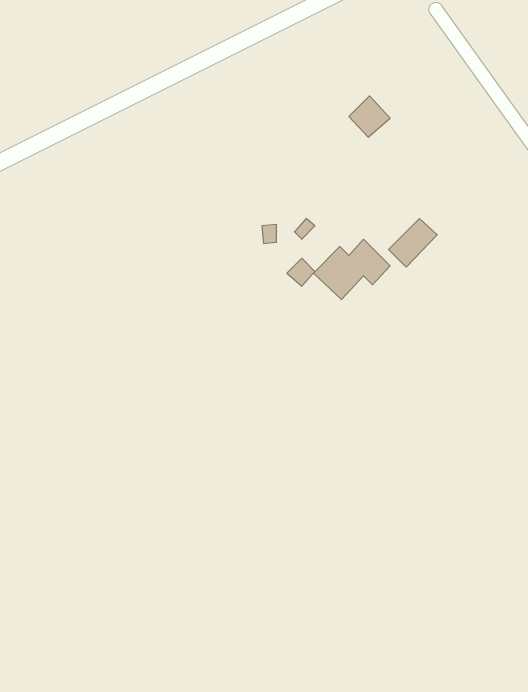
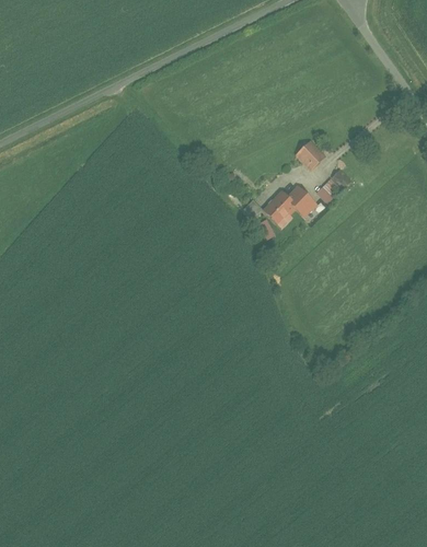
building: [349,96,390,137] -> [295,139,325,170]

